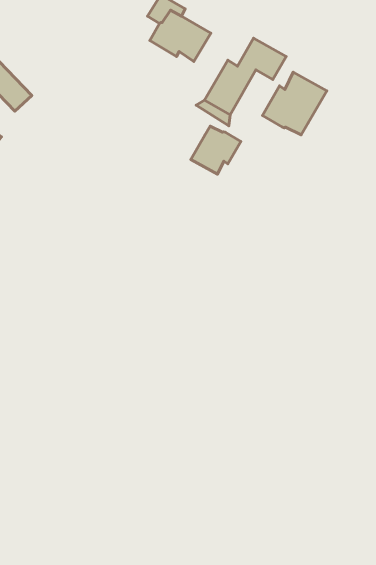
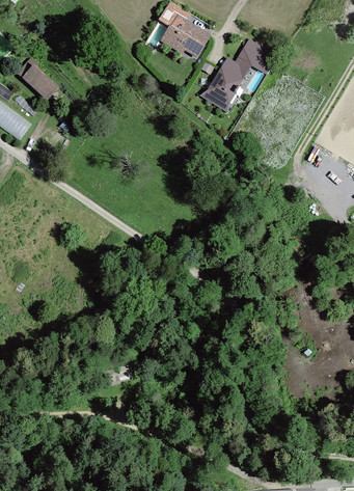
building: [263,72,327,135] -> none
building: [191,126,241,174] -> none

